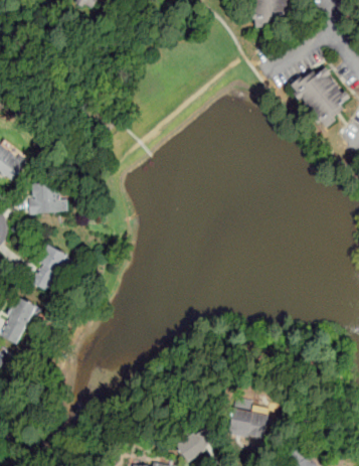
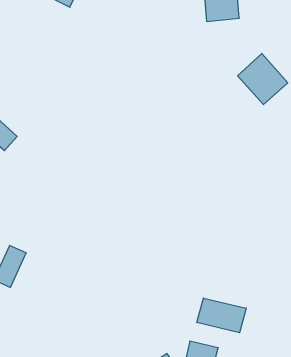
building: [27,181,66,213] -> none
building: [27,243,66,291] -> none
building: none -> [197,298,246,333]

